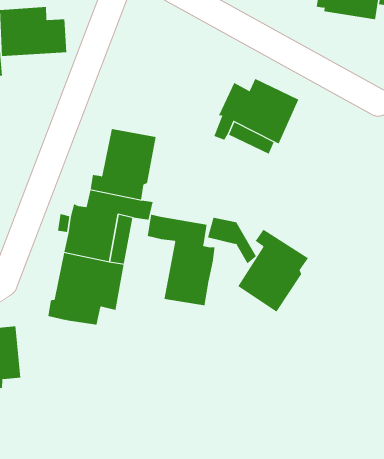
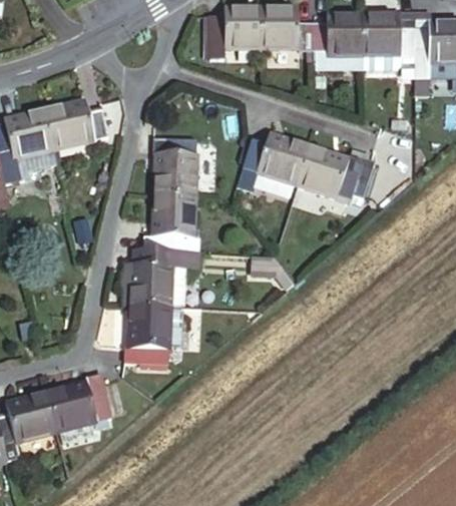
building: none -> [151,137,195,195]
building: none -> [298,145,376,202]
building: [147,214,215,306] -> none
building: [238,229,309,312] -> none

